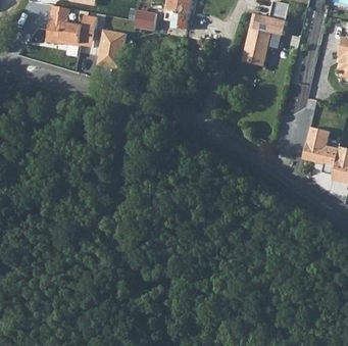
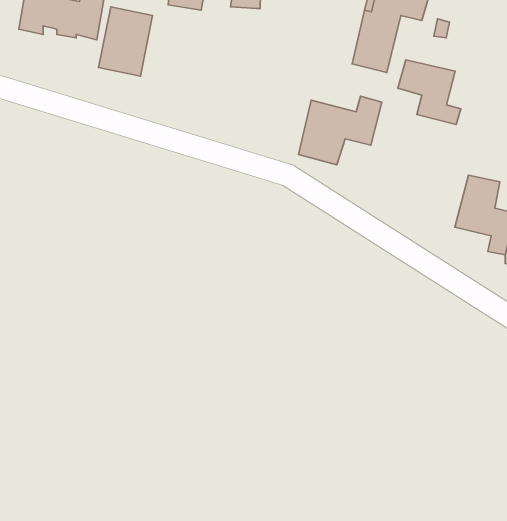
building: none -> [398,60,461,124]
building: none -> [299,96,382,165]

